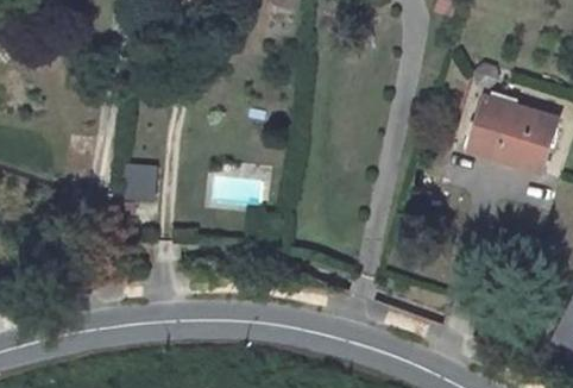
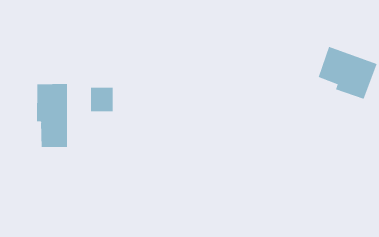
building: none -> [36,83,67,148]

